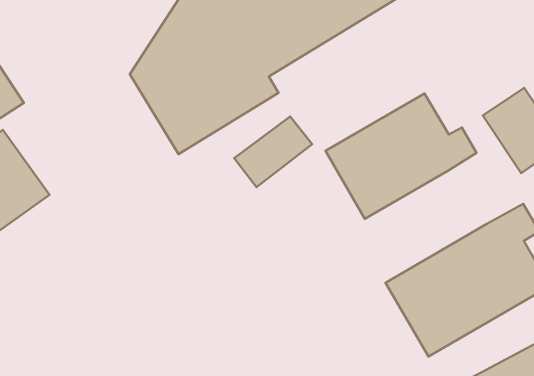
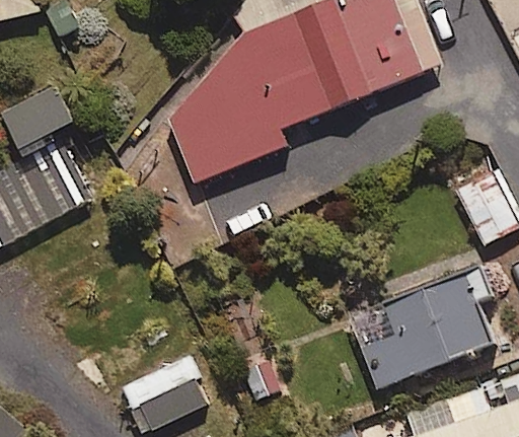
building: [326,93,477,219] -> none

